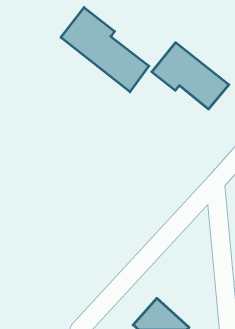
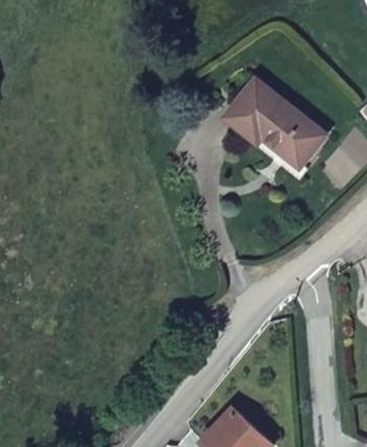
building: [61,7,149,92] -> none

